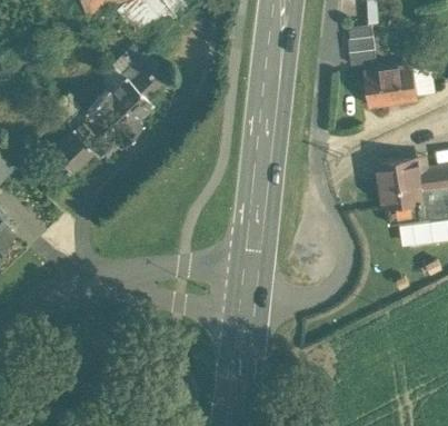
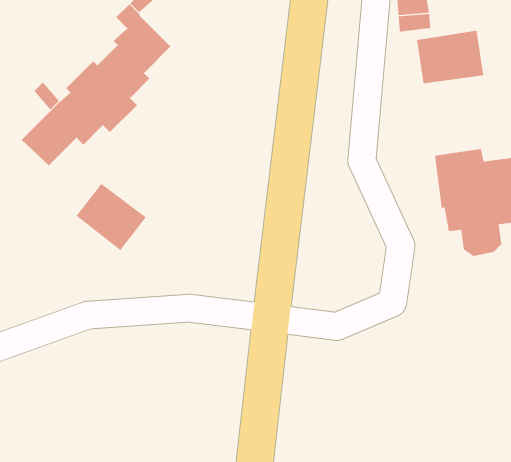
building: none -> [75,183,147,251]

